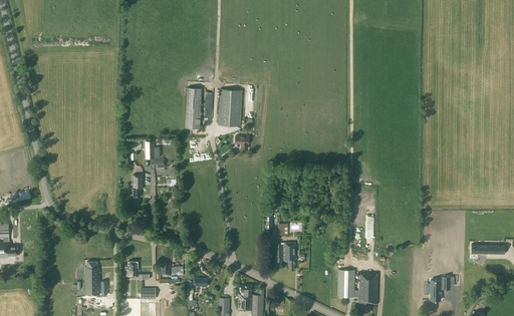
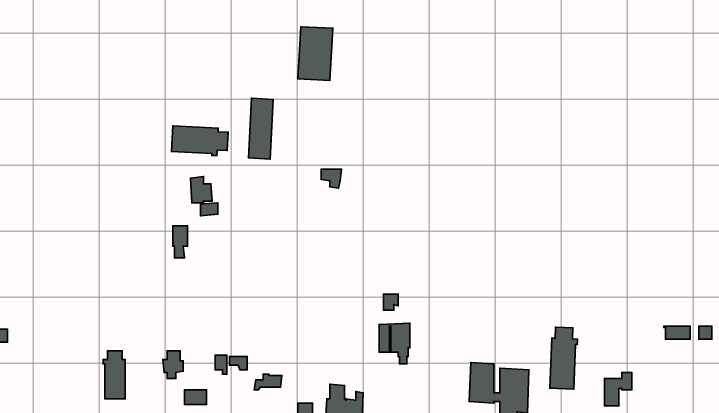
building: [218,88,242,125] -> [298,27,333,80]
building: none -> [172,126,228,156]
building: none -> [550,327,578,389]

